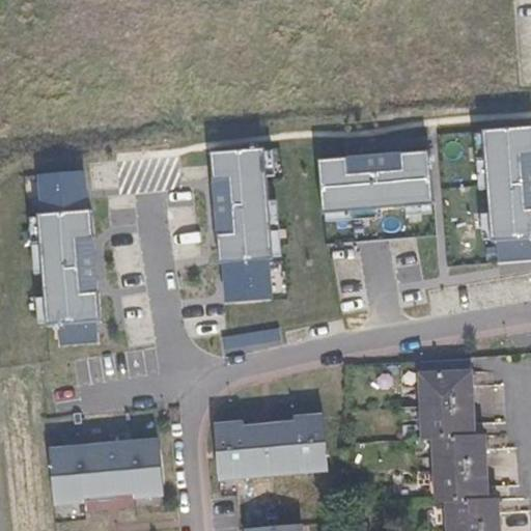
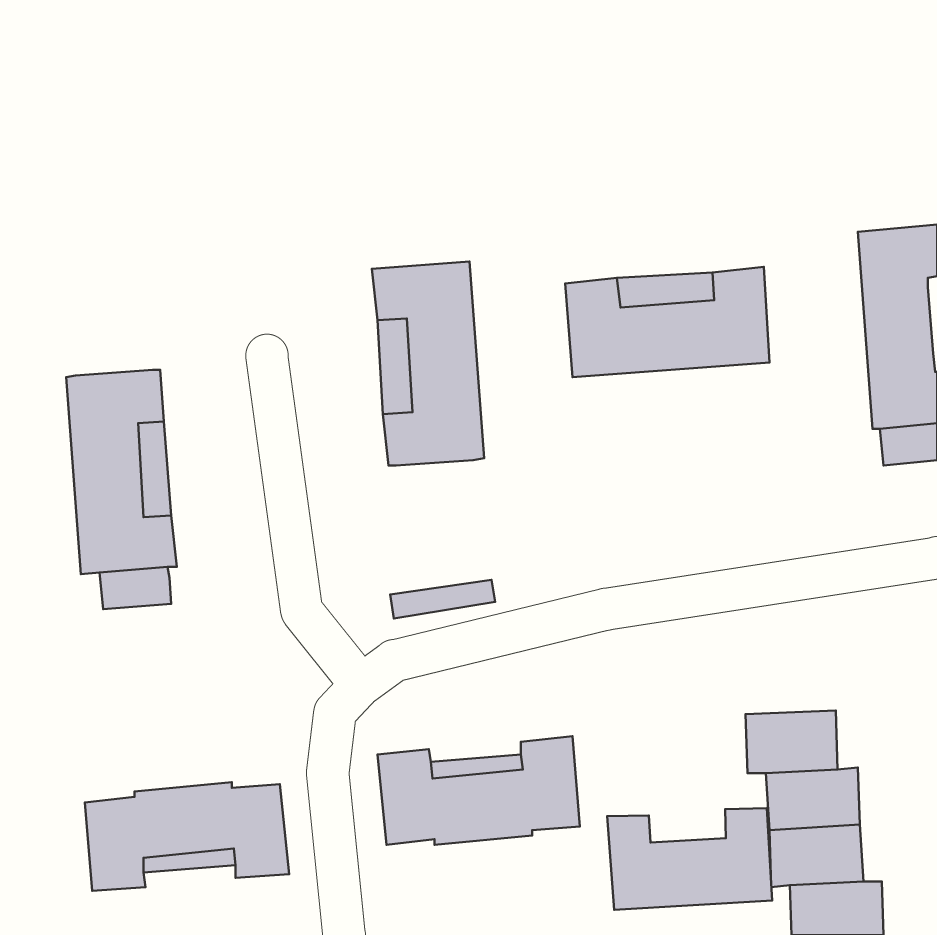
building: [39,169,86,212] -> none
building: [223,259,270,302] -> none
building: [418,355,471,402] -> none
building: none -> [607,808,772,910]

